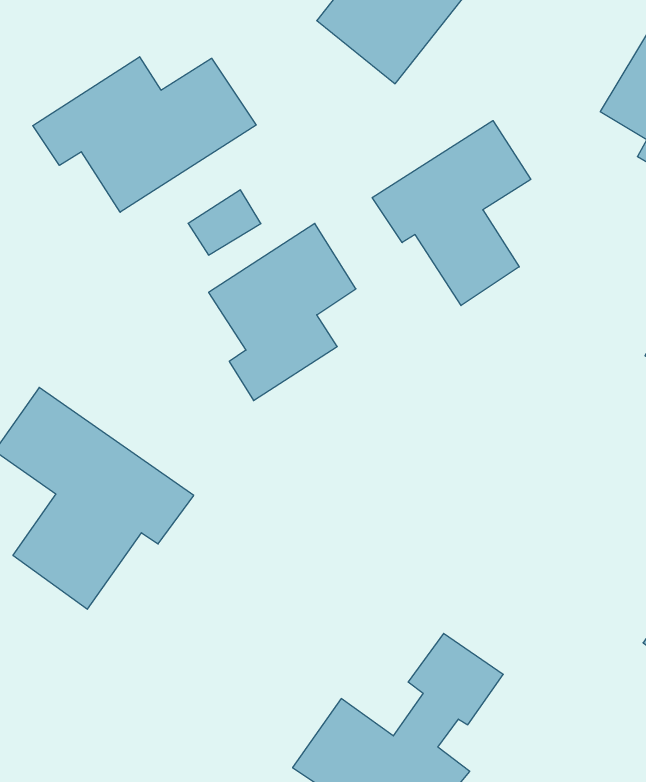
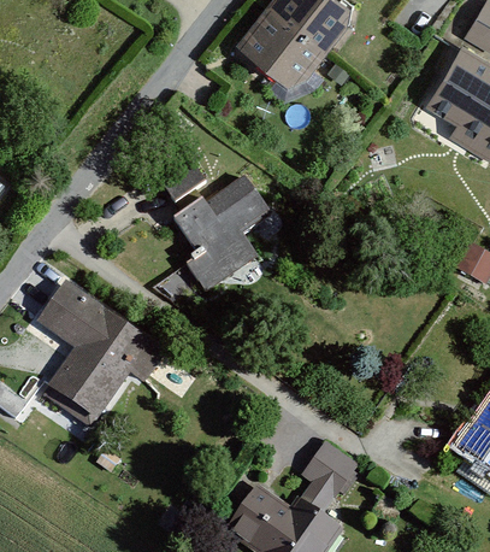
building: [33,57,256,212] -> none
building: [372,121,531,306] -> none

